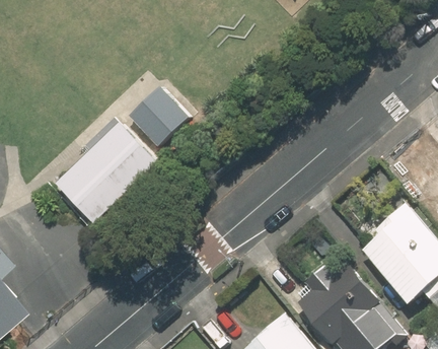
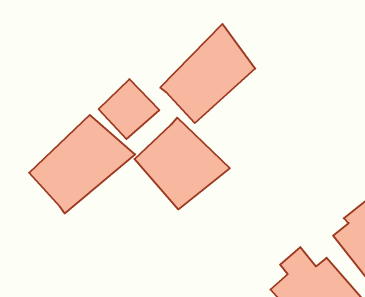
building: none -> [160,24,255,123]
building: none -> [134,118,230,209]

